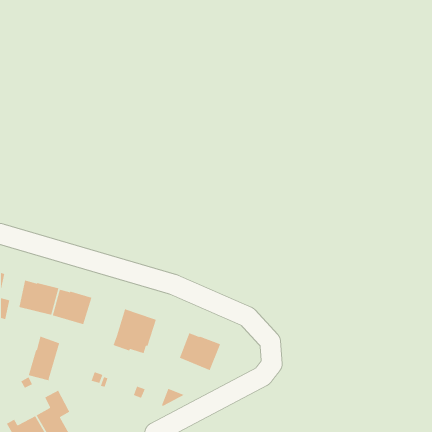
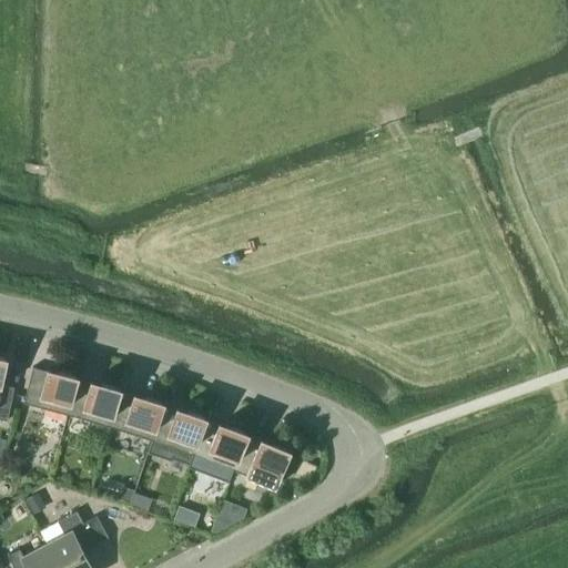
building: none -> [111,392,164,440]
building: none -> [195,419,248,470]
building: [28,336,60,381] -> none

